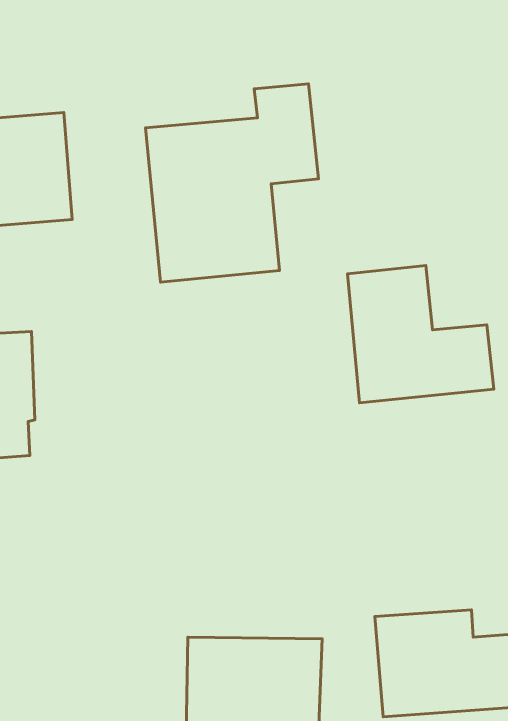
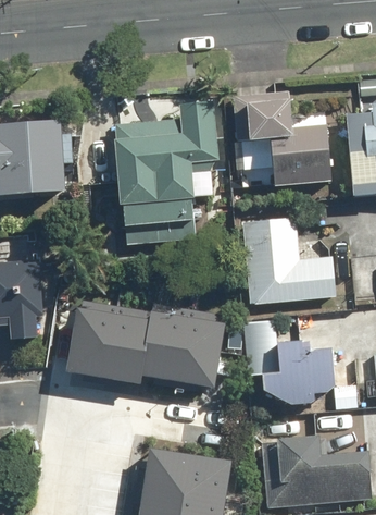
building: none -> [236,91,331,185]
building: none -> [64,308,211,388]
building: none -> [260,339,338,405]

